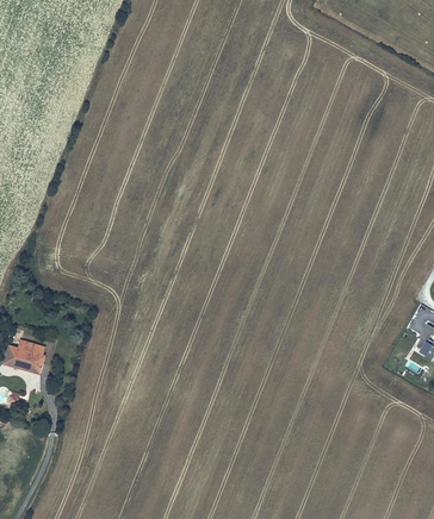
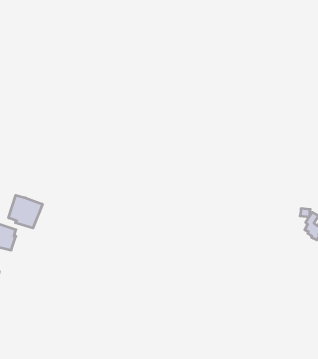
building: none -> [9,195,42,228]

